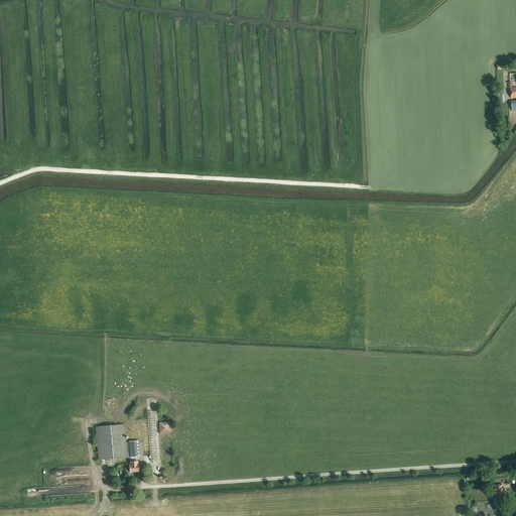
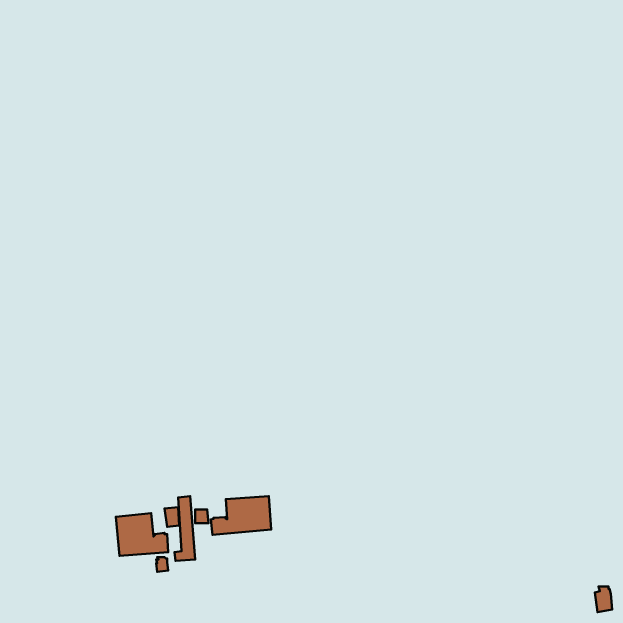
building: none -> [211,496,271,535]

